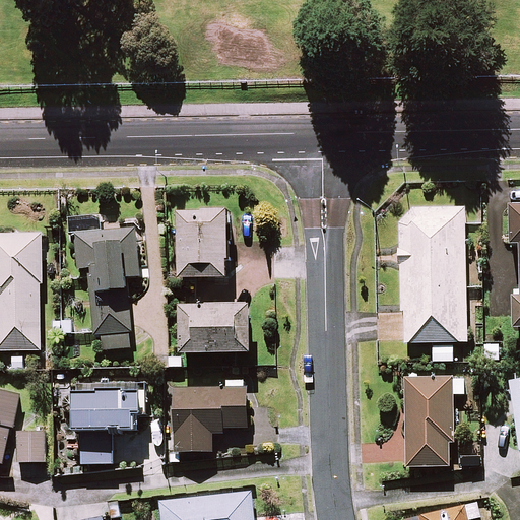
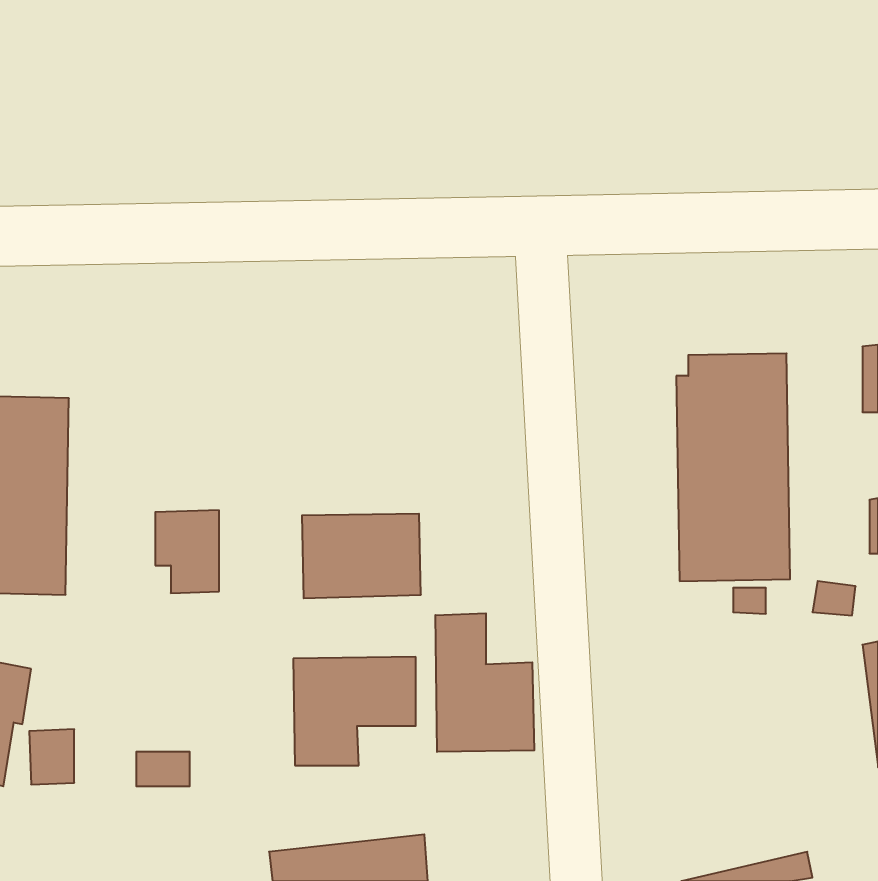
building: [177,210,226,277] -> none
building: [73,217,138,290] -> none
building: none -> [435,613,534,752]
building: [404,377,462,466] -> none
building: [71,386,145,431] -> none

